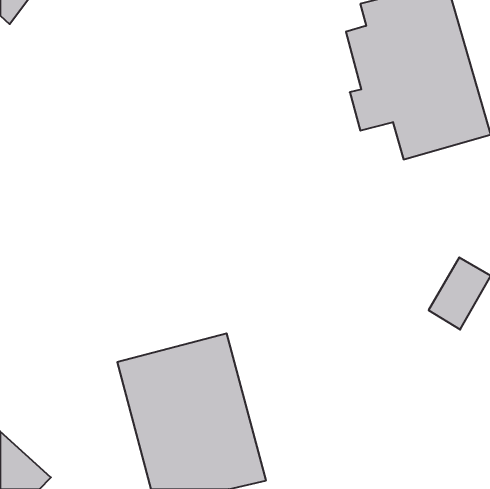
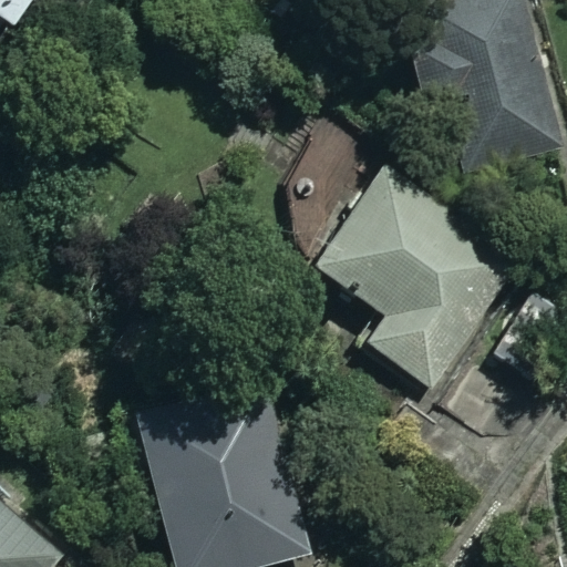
building: none -> [317,171,517,388]

